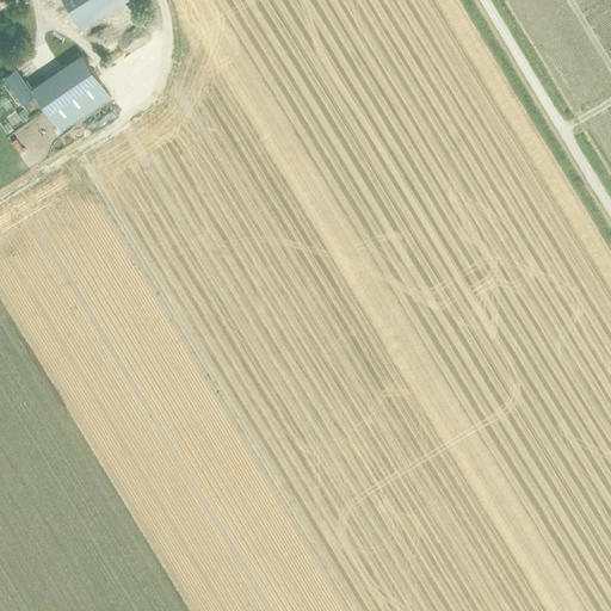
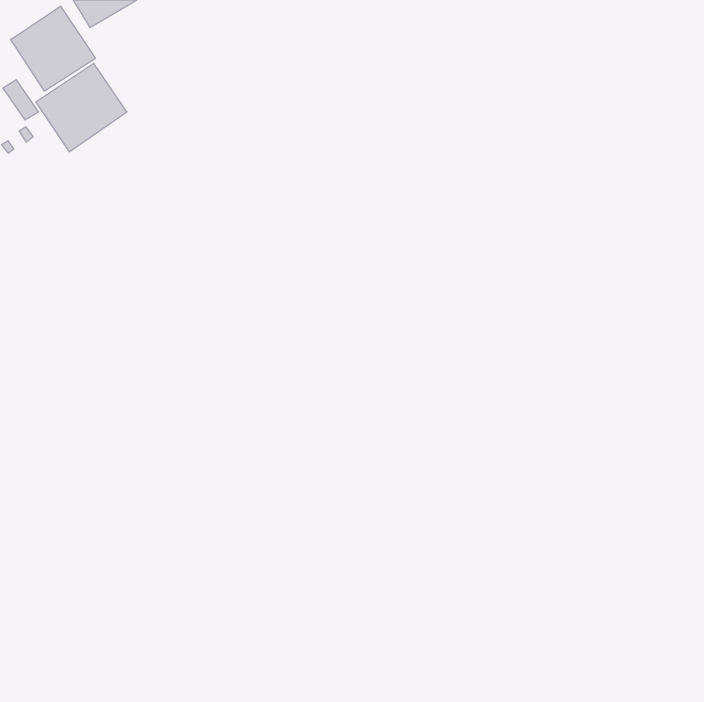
building: none -> [11,6,95,91]

